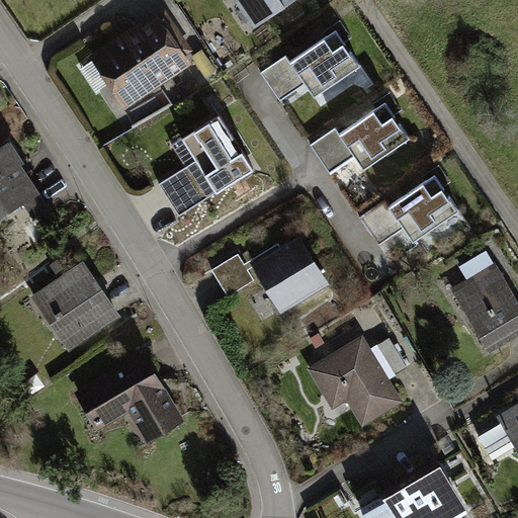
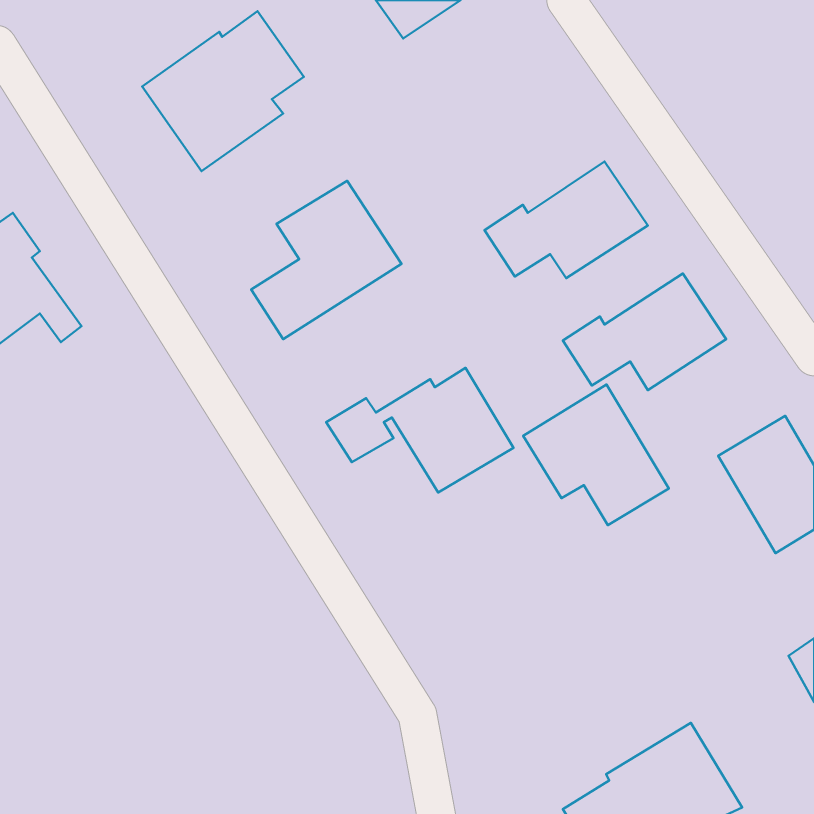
building: [260,31,360,102] -> none
building: [35,262,120,347] -> none
building: [311,337,403,426] -> [523,385,669,525]
building: [73,352,182,442] -> none

